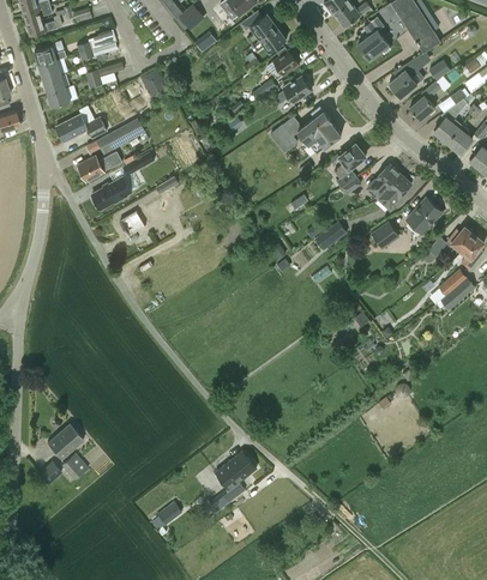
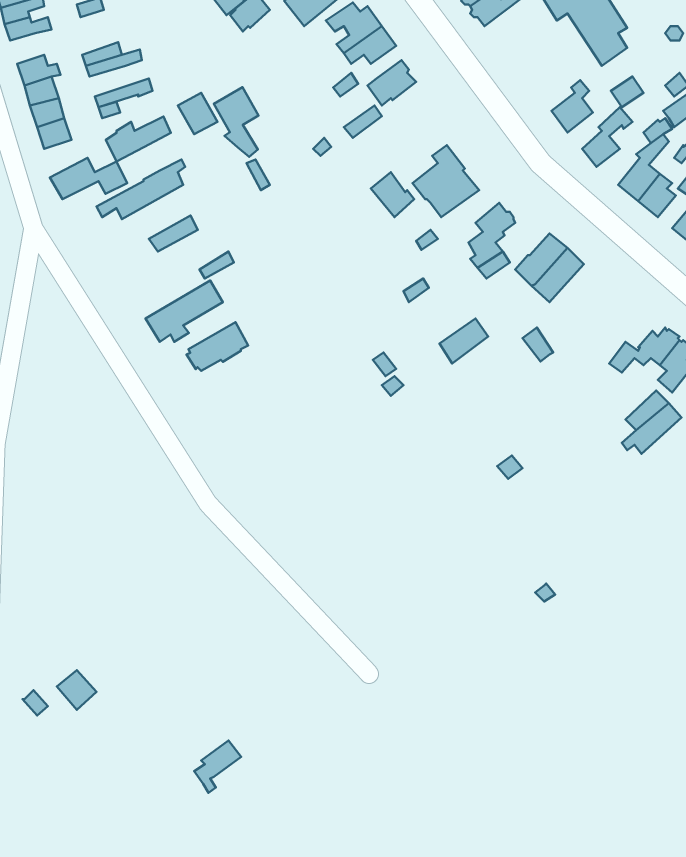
building: [357,17,391,60] -> none
building: none -> [214,87,259,157]
building: [276,77,312,103] -> none
building: [79,151,122,181] -> [106,117,171,162]
building: [91,177,132,210] -> [187,322,248,371]
building: [407,198,443,234] -> none
building: [47,424,83,459] -> none
building: [202,451,257,516] -> none

